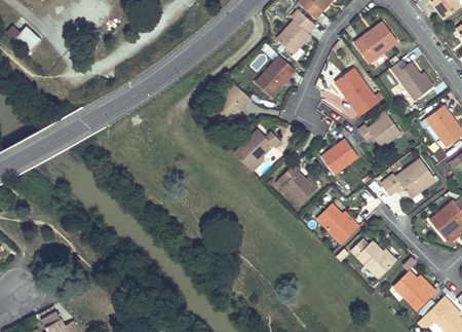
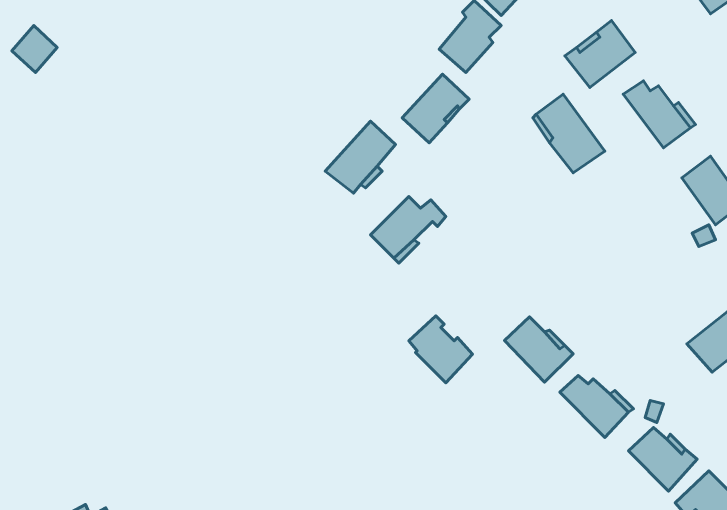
building: [358,114,400,146] -> none
building: [321,139,358,174] -> none
building: [381,158,435,197] -> none
building: [278,163,317,205] -> [409,316,473,383]

